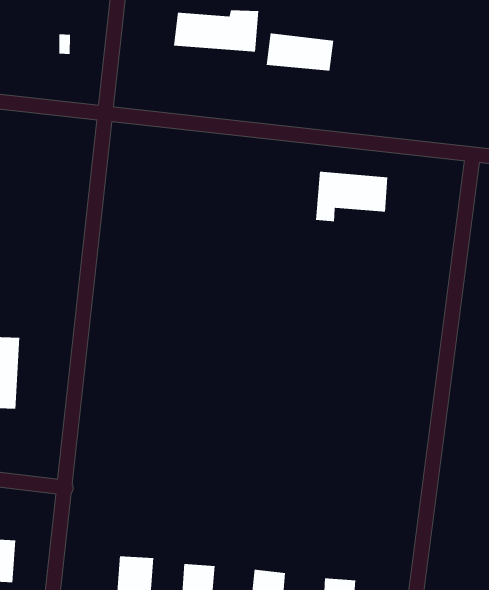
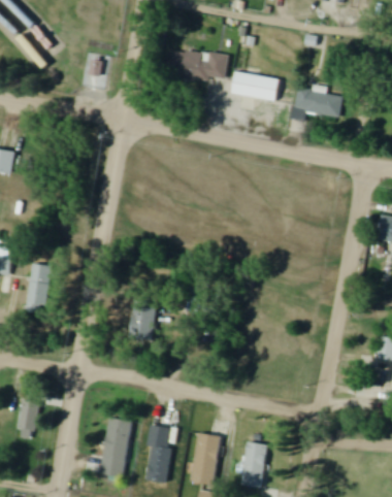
building: [315,171,388,222] -> [291,87,342,122]
building: none -> [129,299,158,341]

